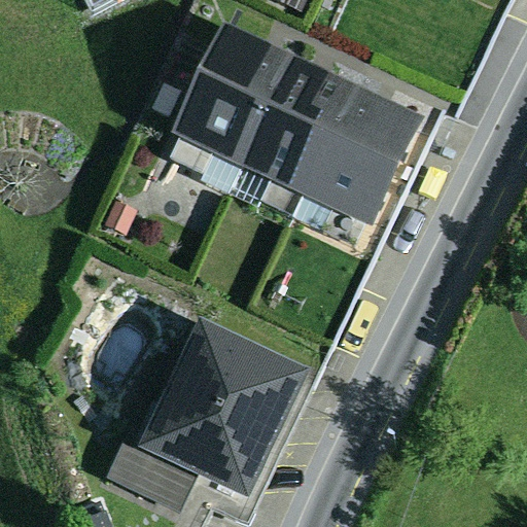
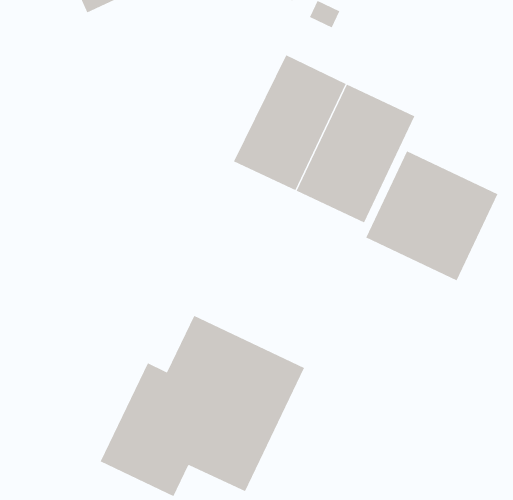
building: [170,22,291,165] -> none
building: none -> [366,151,498,281]

